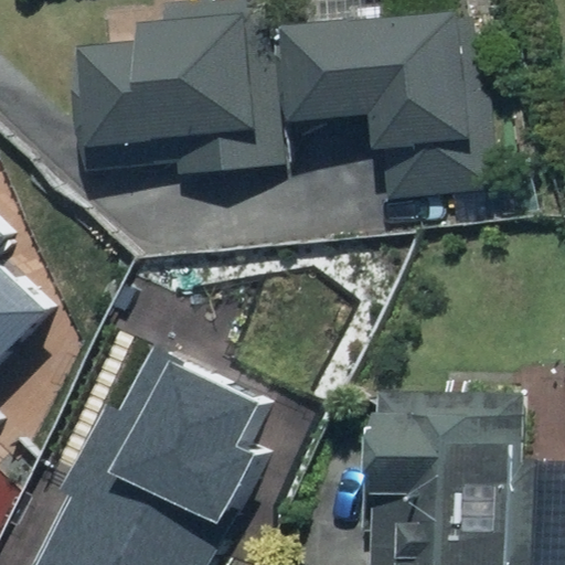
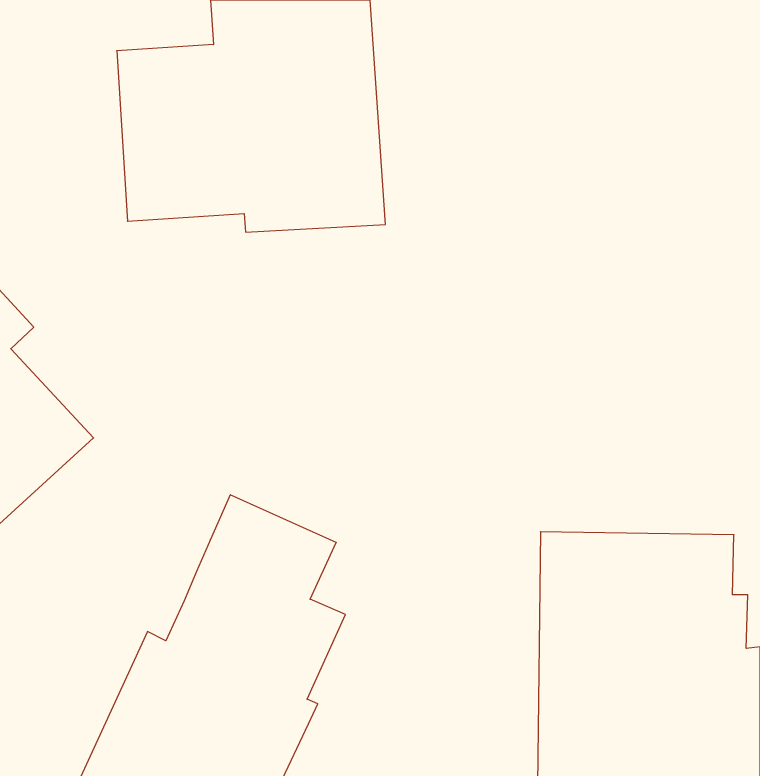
building: [308,13,480,146] -> none

